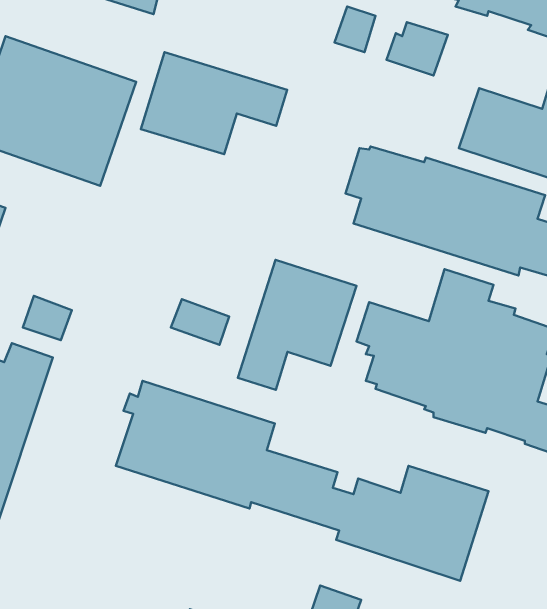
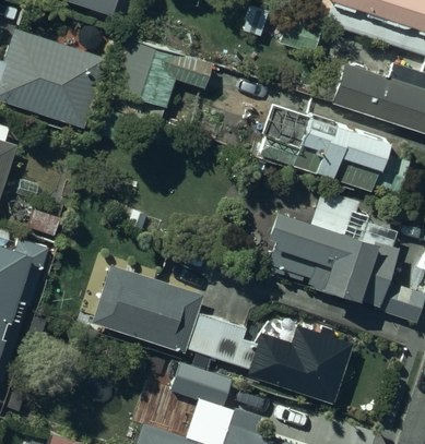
building: [238,260,357,390] -> none
building: none -> [151,358,234,407]

